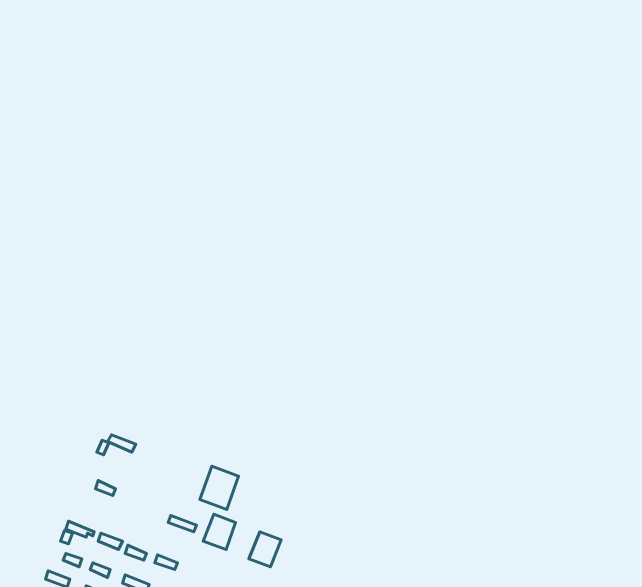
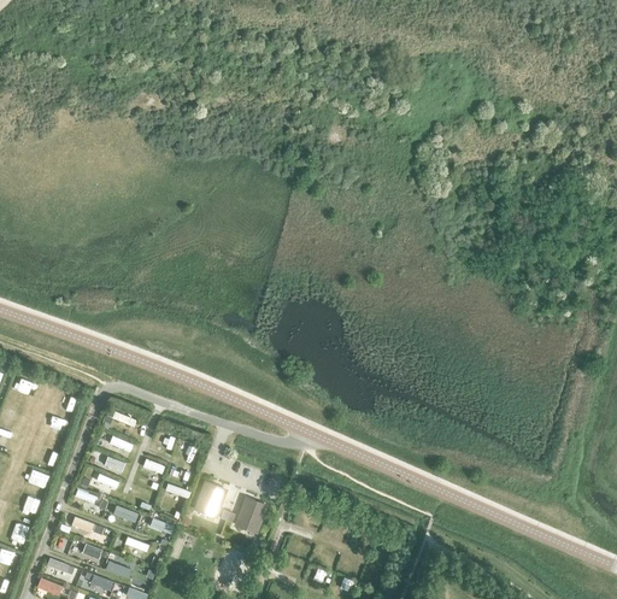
building: [200,466,239,510] -> none

